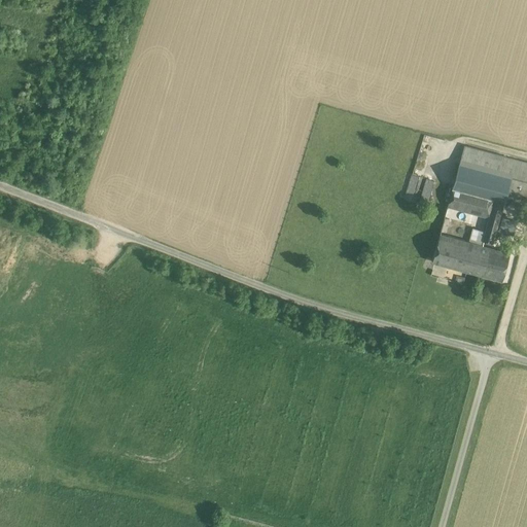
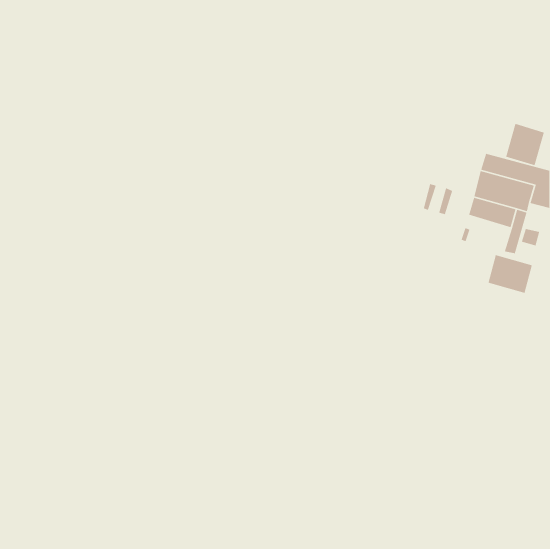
building: none -> [505,123,545,166]
building: [433,235,473,272] -> none

